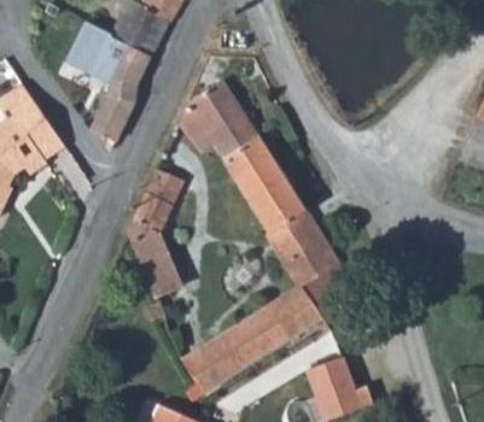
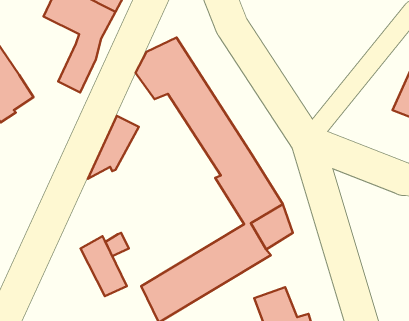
building: [127,223,177,288] -> [80,236,127,296]

